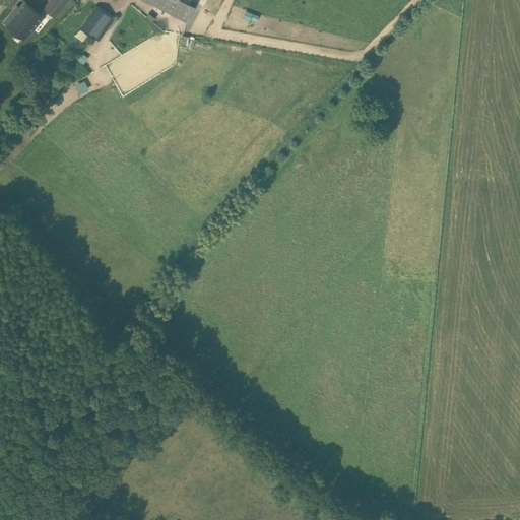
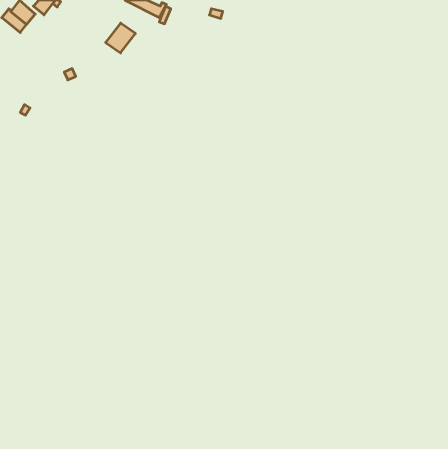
building: [78,5,113,40] -> [106,23,135,53]

